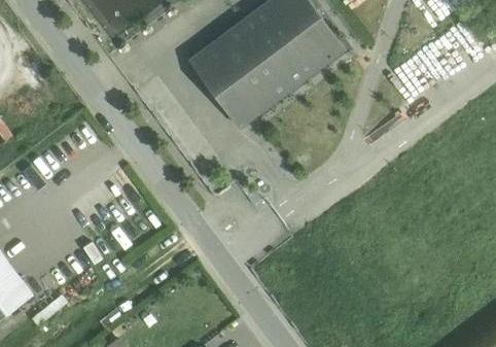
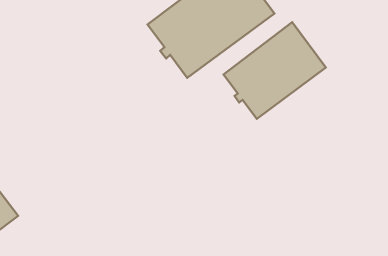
building: none -> [224,22,326,119]

